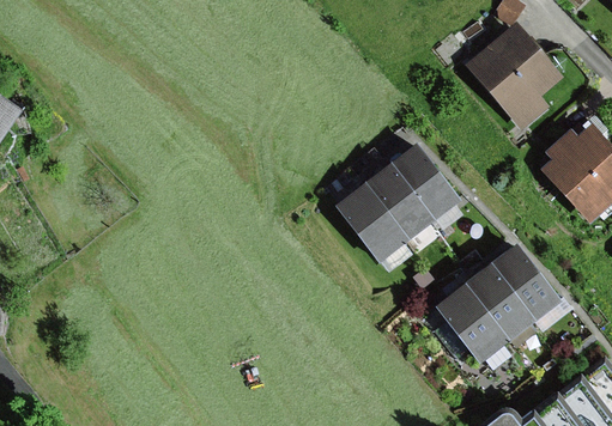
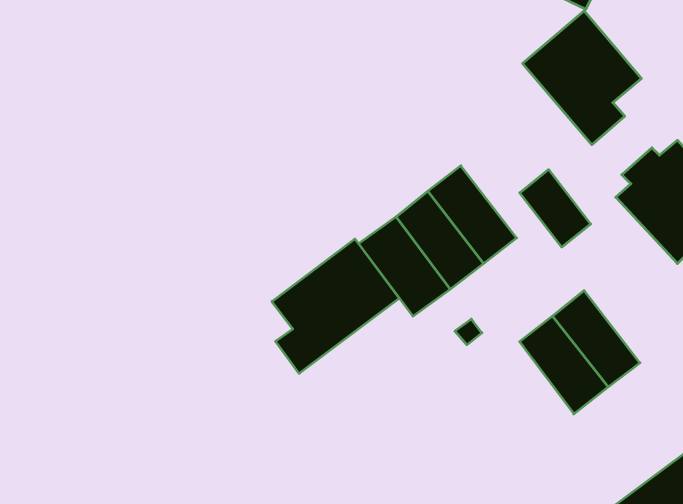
building: none -> [520,170,591,247]
building: none -> [272,239,399,373]
building: [435,285,507,364] -> none

